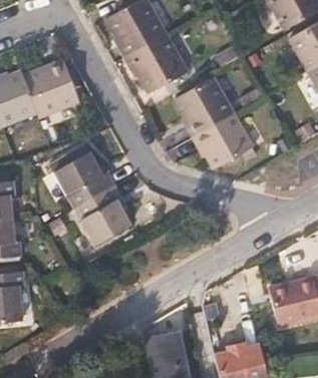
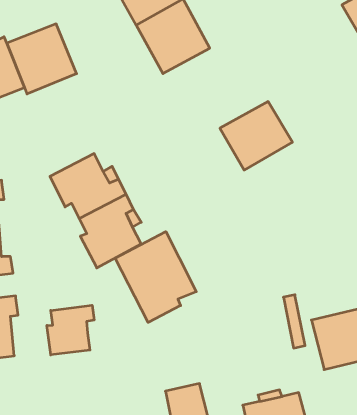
building: [174,78,232,136] -> none
building: none -> [115,232,196,322]
building: none -> [47,305,94,355]

